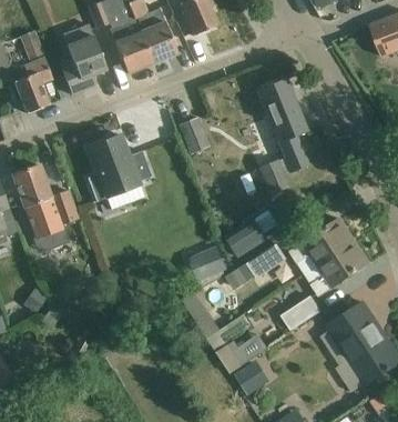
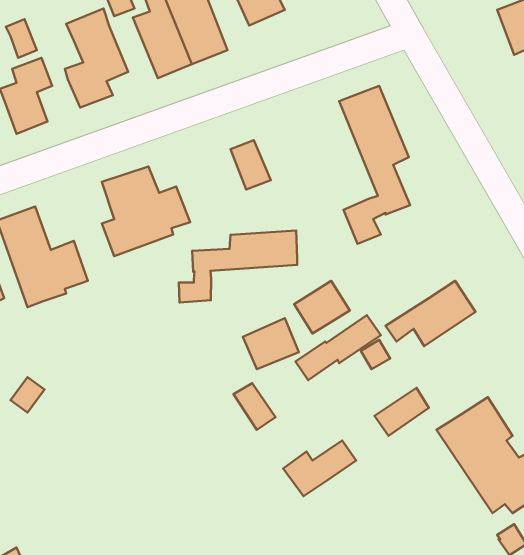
building: none -> [179,230,297,302]
building: [312,241,369,295] -> none
building: [235,359,271,394] -> none

